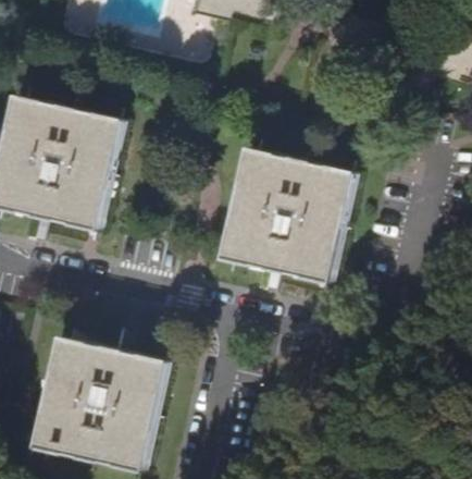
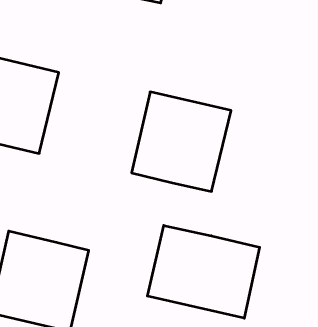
building: none -> [147,225,260,318]

